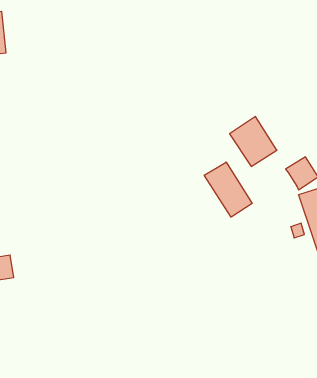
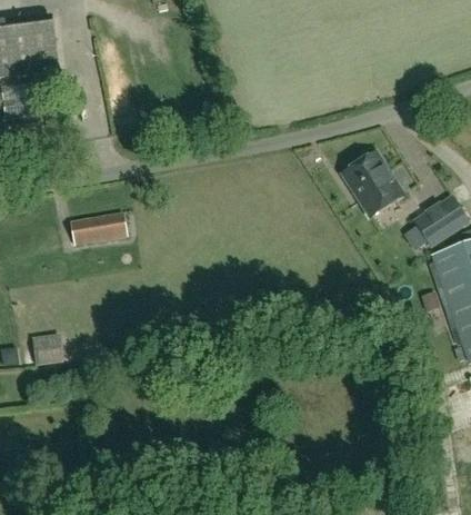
building: [204,162,252,217] -> none
building: none -> [69,210,127,244]

